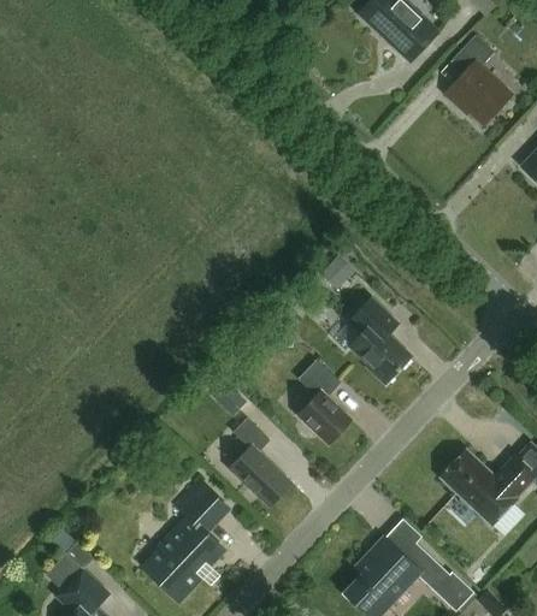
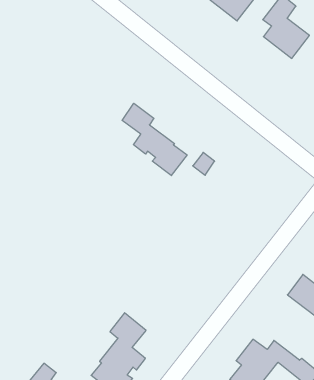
building: none -> [122,103,187,176]
building: [350,295,414,383] -> none
building: [296,359,350,444] -> none
building: [226,416,290,505] -> none

